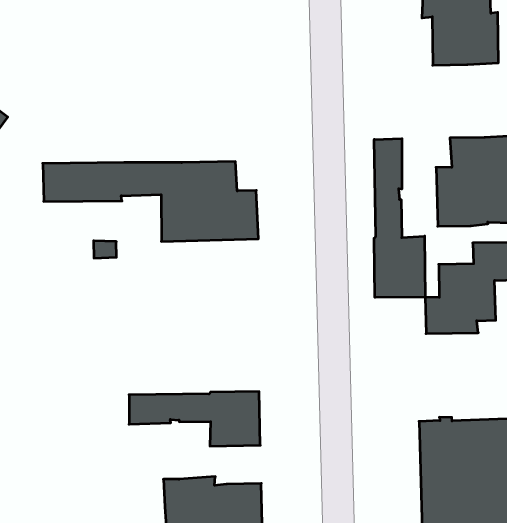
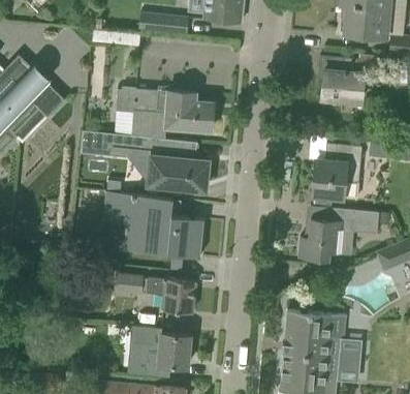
building: none -> [116,87,213,140]
building: [374,139,425,297] -> none
building: none -> [116,193,204,259]

